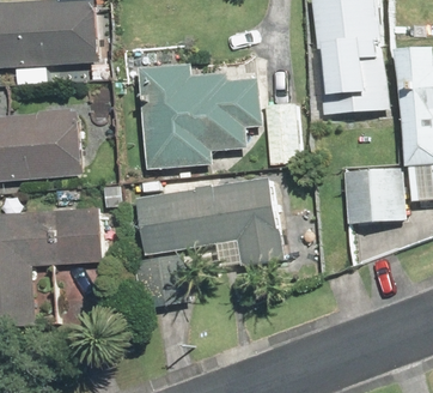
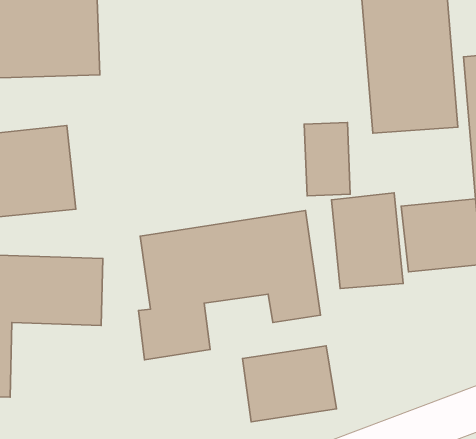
building: [140,65,261,168] -> none
building: none -> [331,193,403,289]
building: none -> [242,346,336,422]

